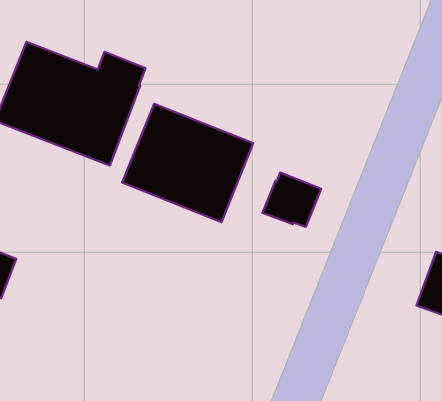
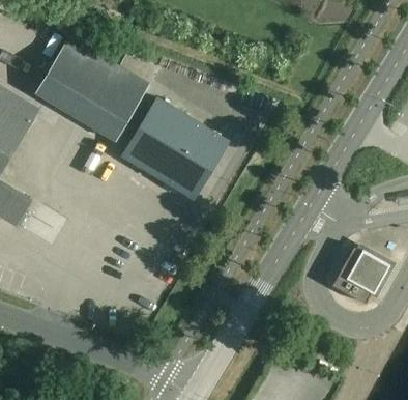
building: [262,173,321,227] -> none

